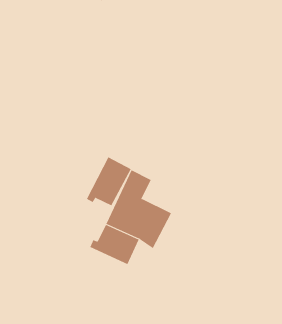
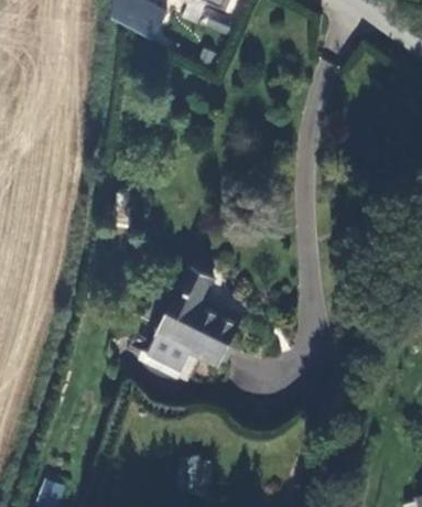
building: [86,157,132,206] -> none

